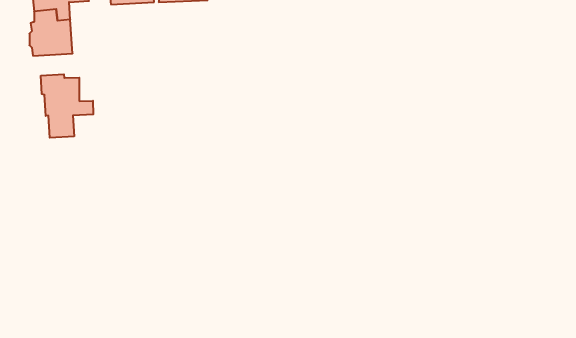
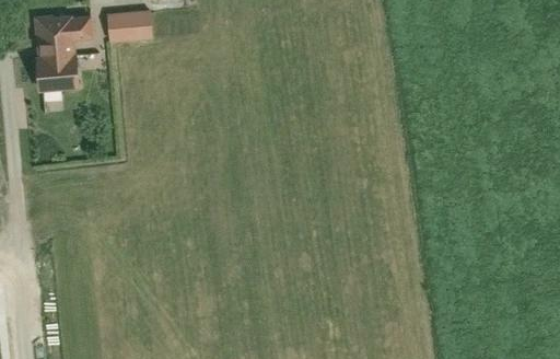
building: [41,74,93,138] -> none

